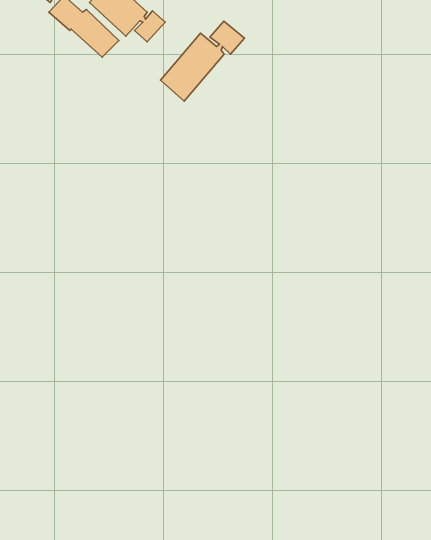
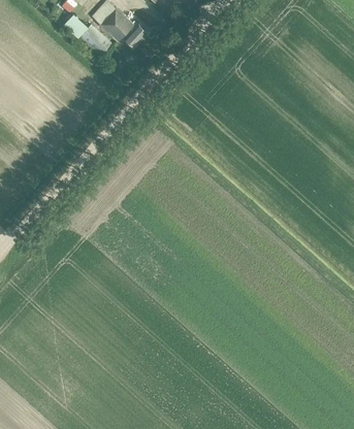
building: [160,21,244,101] -> none

